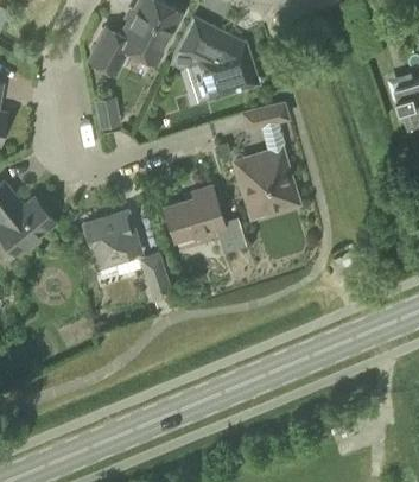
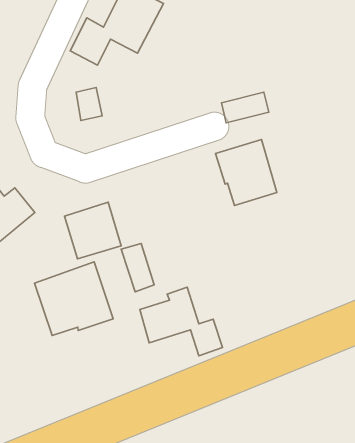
building: [173,18,259,96] -> none
building: [165,186,248,255] -> [140,287,223,356]
building: none -> [35,262,113,336]

